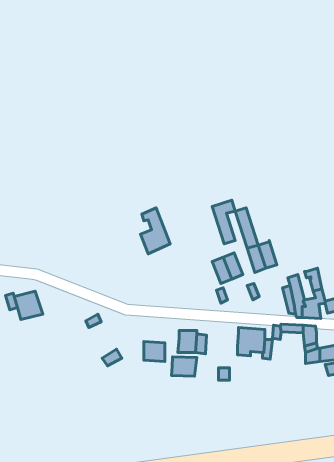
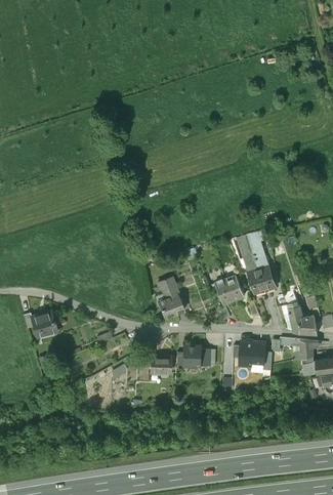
building: [212,200,235,244] -> [247,226,268,267]
building: [141,208,170,254] -> [157,276,184,319]
building: [172,357,197,376] -> none

